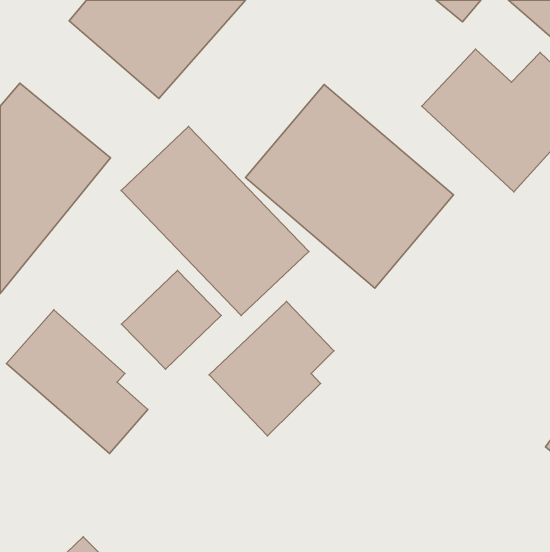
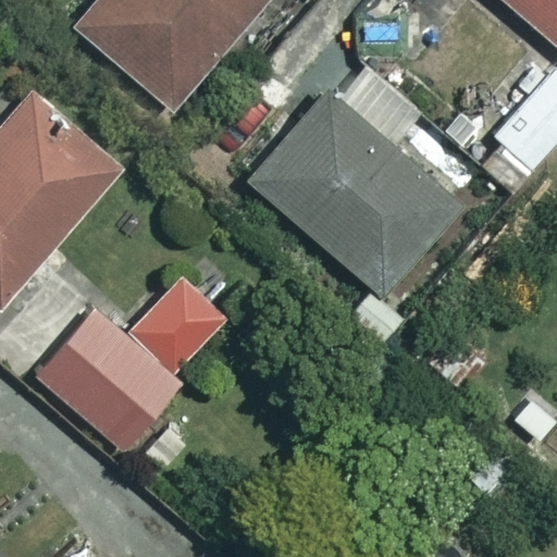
building: [121,127,309,316] -> none
building: [209,301,334,436] -> none

